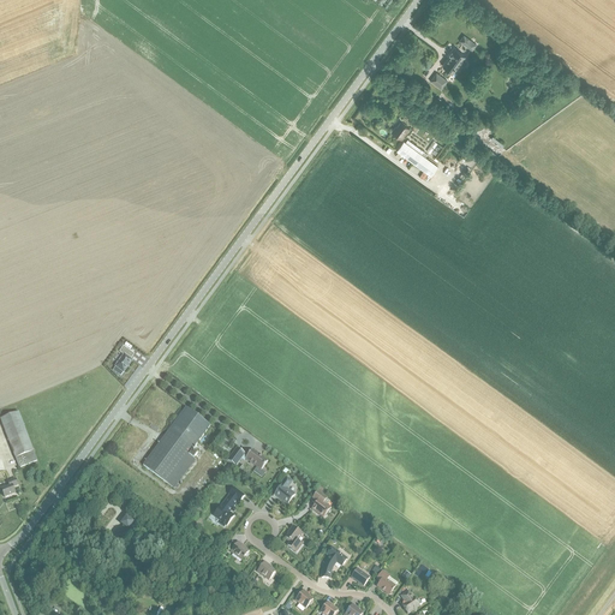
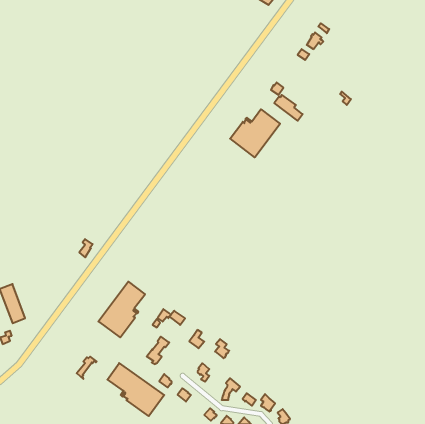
building: none -> [230,109,280,157]
building: none -> [107,363,164,416]

